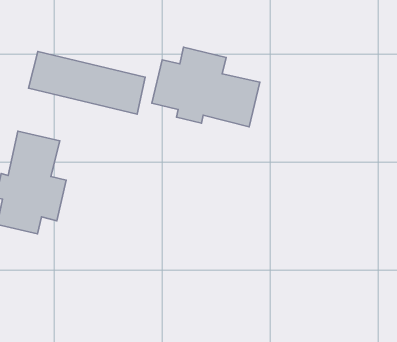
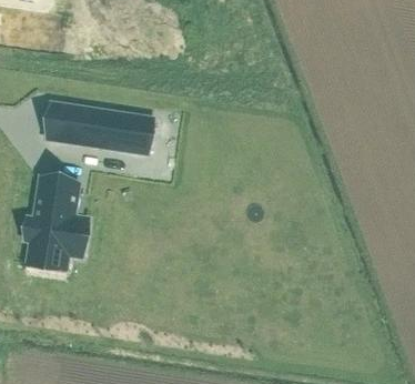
building: [152,47,260,127] -> none

